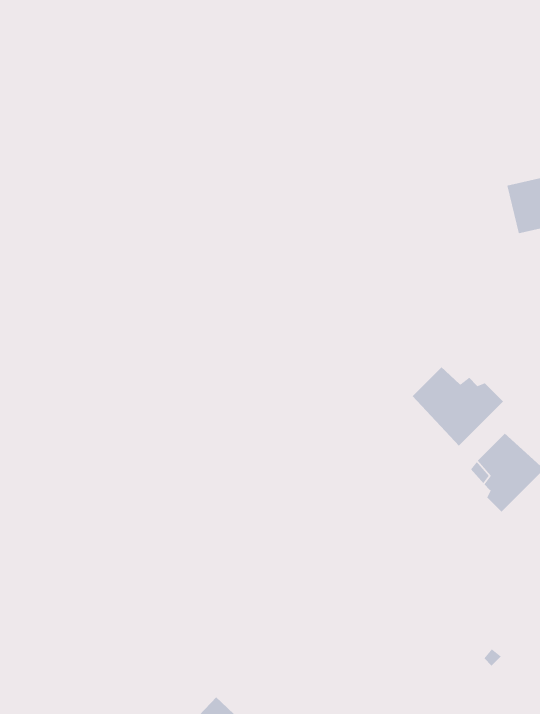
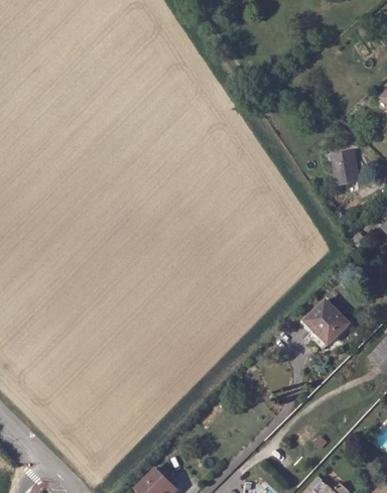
building: [412,367,504,446] -> none

